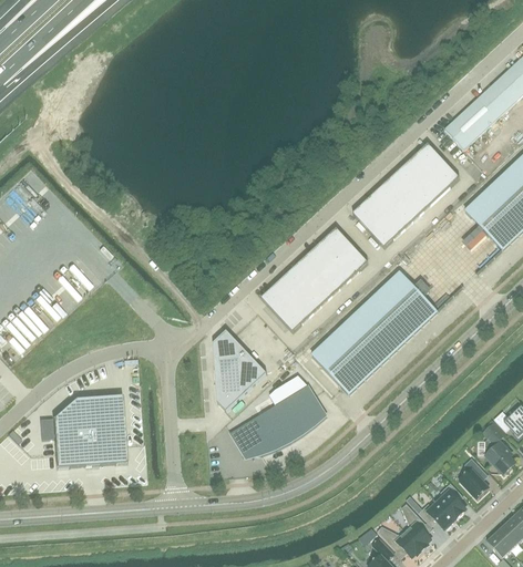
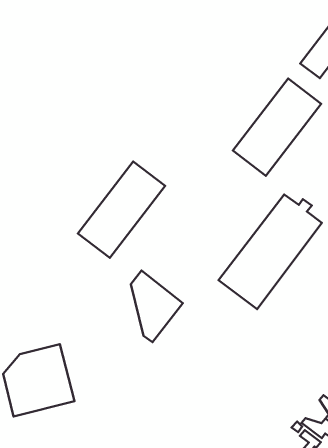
building: [262,228,368,331] -> [78,161,165,258]
building: [230,375,326,454] -> none

